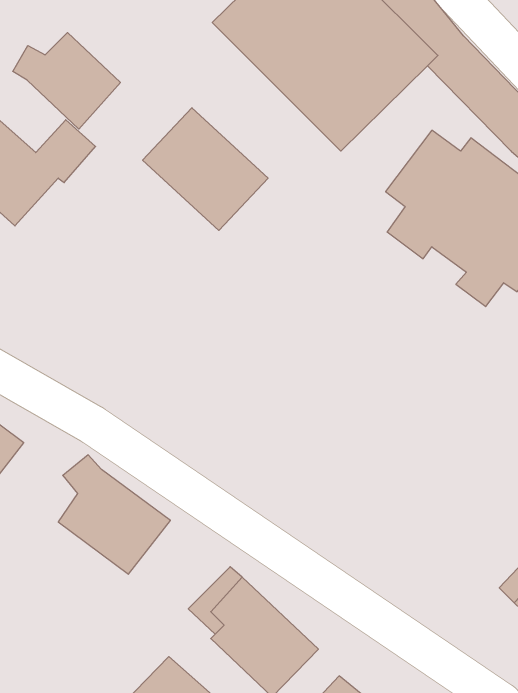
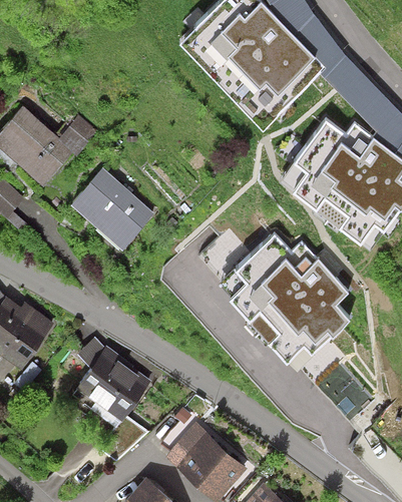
building: [13,33,120,129] -> none
building: [143,108,268,230] -> [71,166,155,248]
building: none -> [245,241,342,346]

